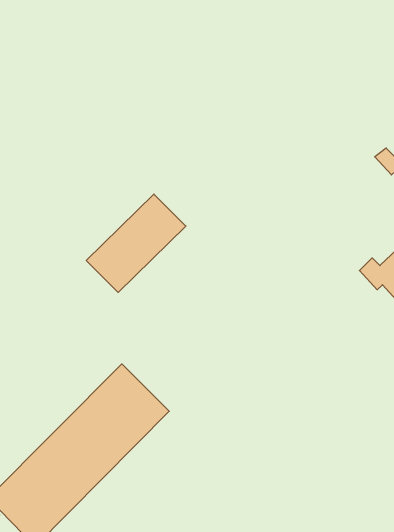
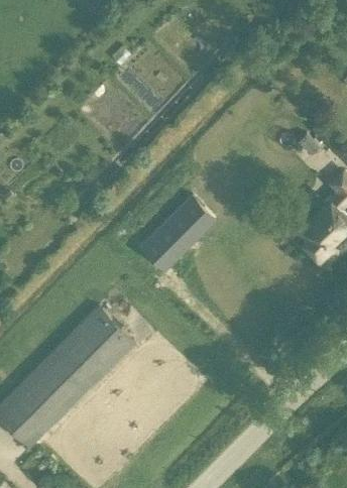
building: [86,194,186,292] -> [139,196,218,273]

